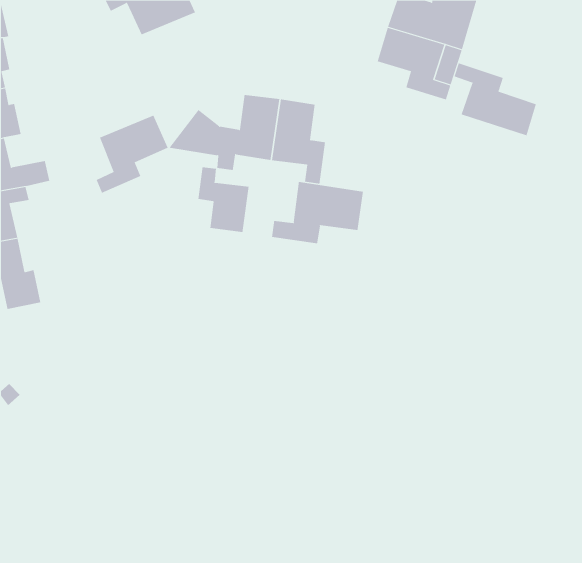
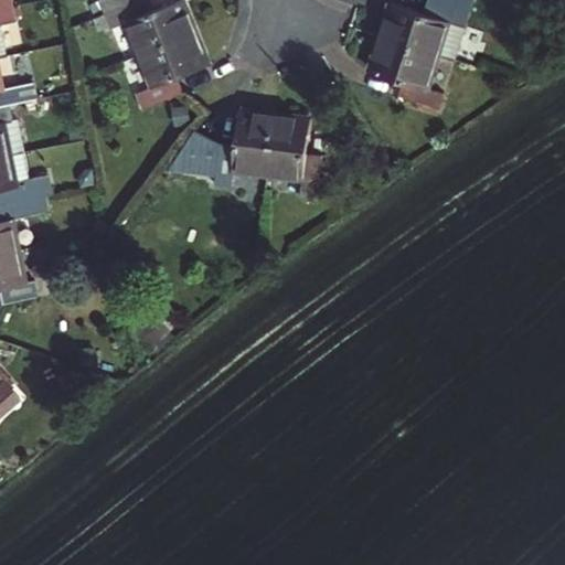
building: [454,63,537,136] -> none
building: [96,115,169,193] -> [134,30,204,106]
building: [198,167,249,233] -> none
building: [271,181,364,244] -> none

